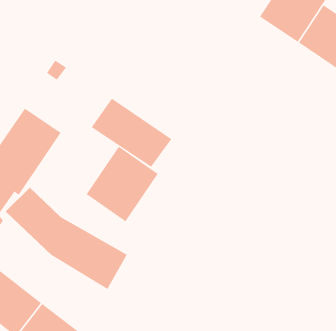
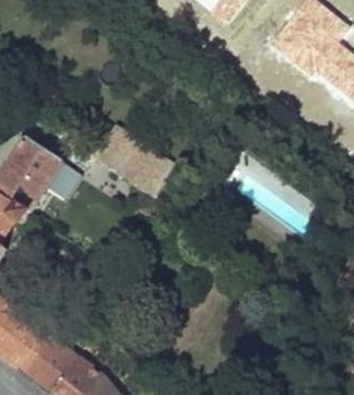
building: [86,146,158,222] -> none
building: [5,187,127,290] -> none

